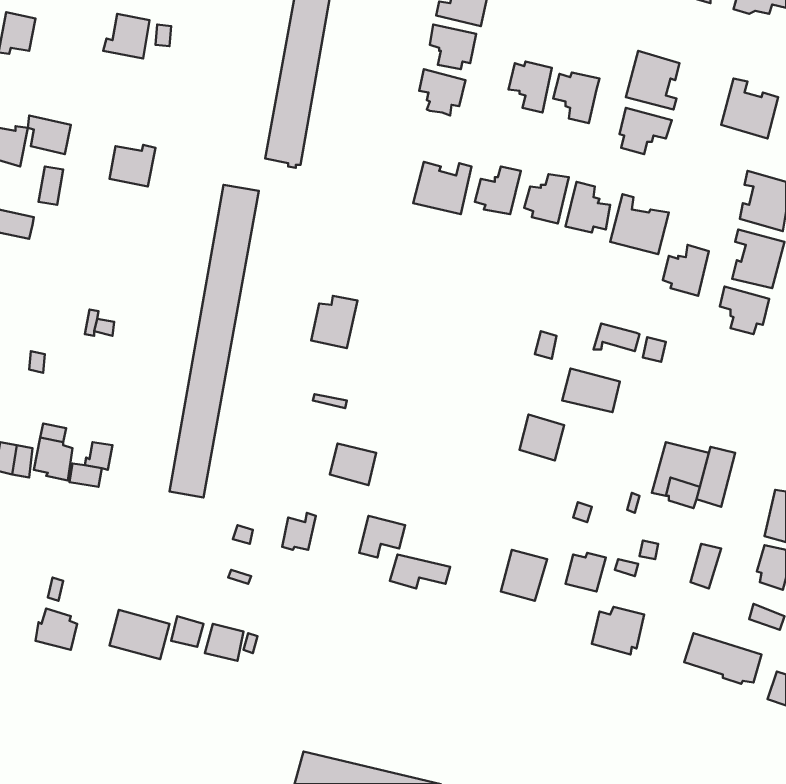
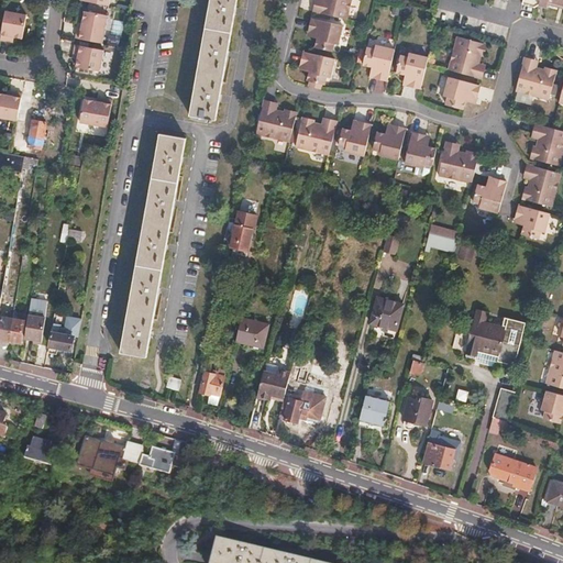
building: [28,116,71,154] -> [73,43,103,70]
building: none -> [255,99,297,142]
building: [562,369,620,412] -> none

